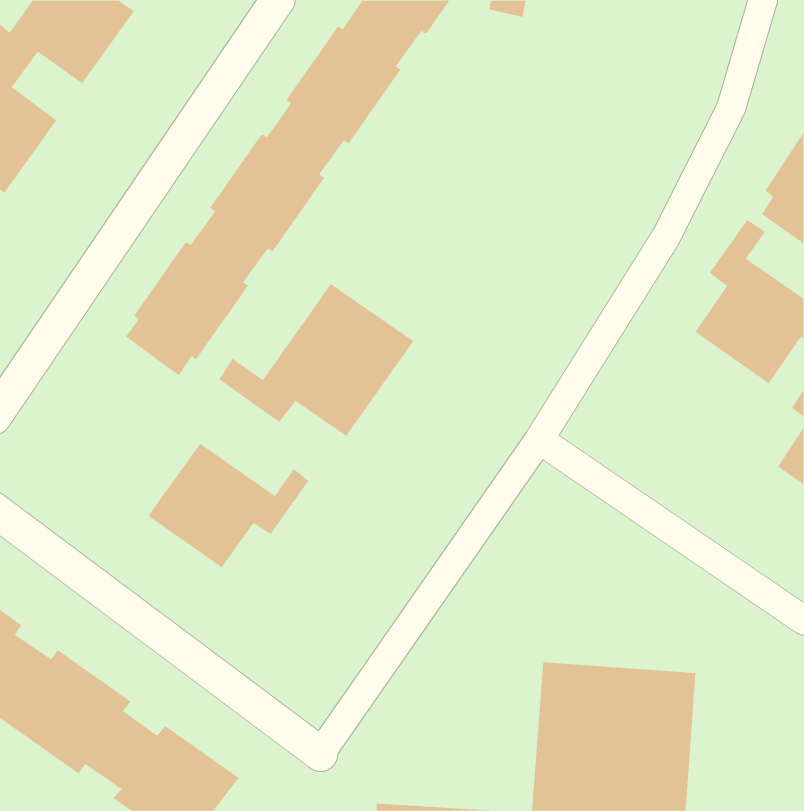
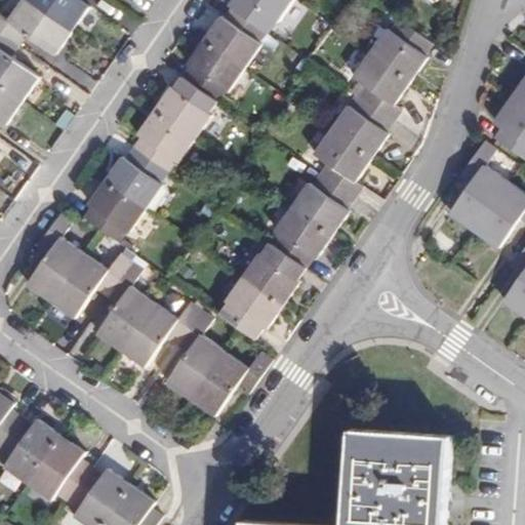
building: none -> [218,19,431,338]
building: [218,283,414,437] -> none
building: none -> [26,211,142,318]
building: none -> [165,311,271,416]

